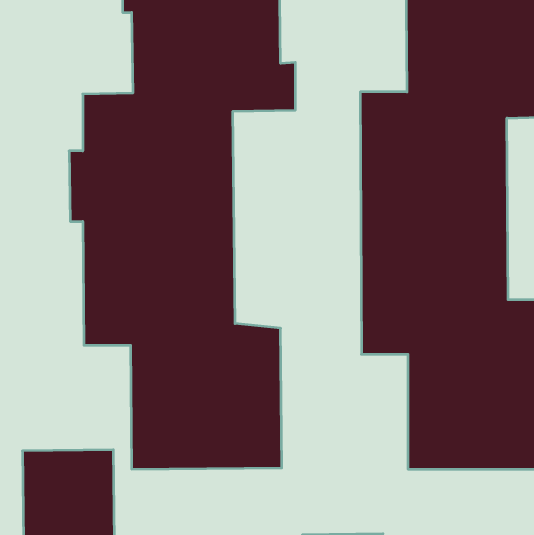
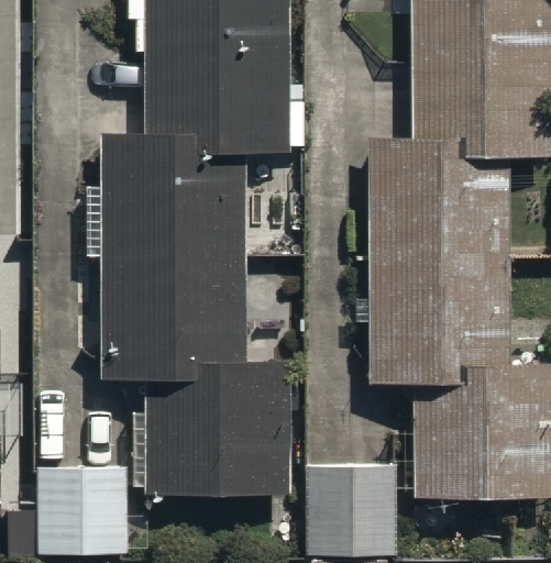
building: none -> [306,464,395,555]

